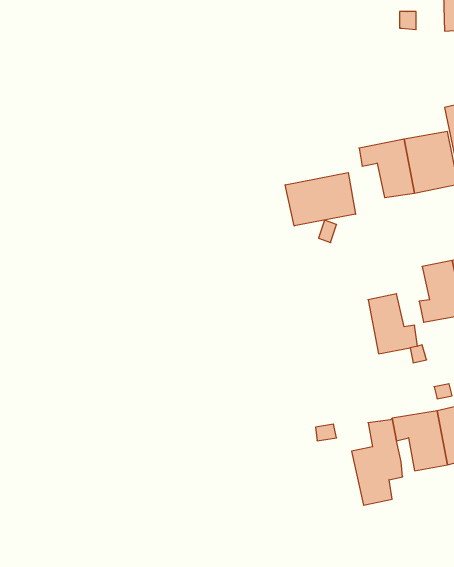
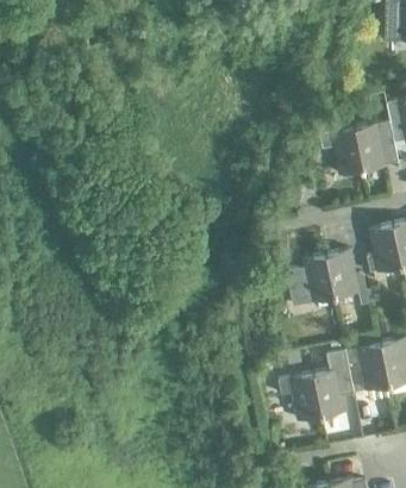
building: [285,173,356,226] -> none
building: none -> [288,256,337,307]
building: none -> [280,376,325,424]

